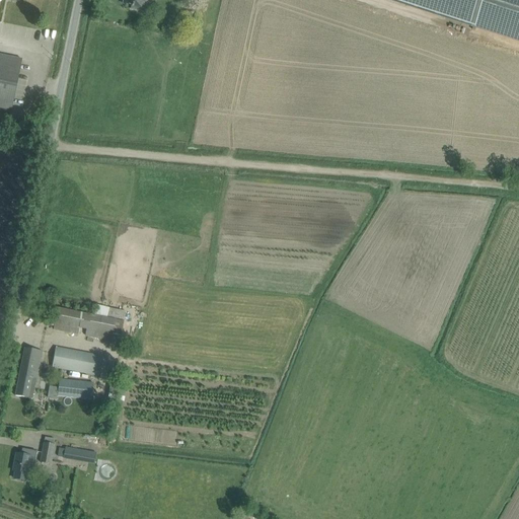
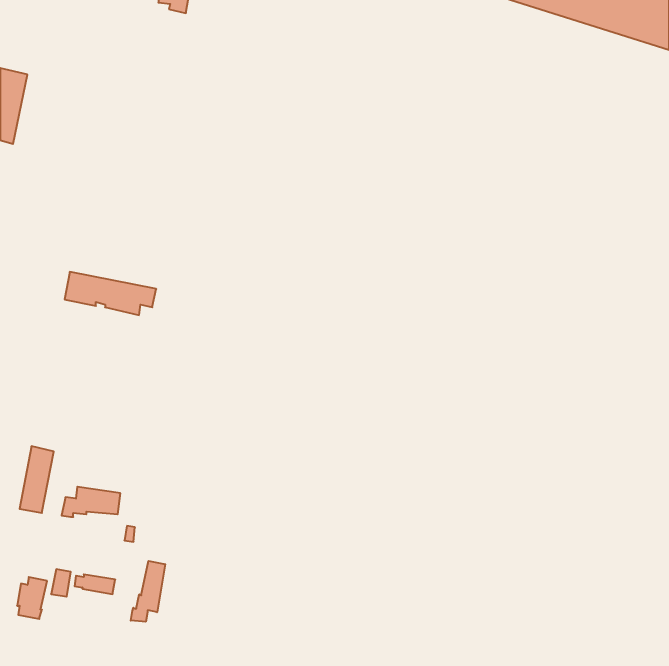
building: [54,306,125,340] -> [65,272,156,315]
building: [53,346,102,374] -> none
building: none -> [131,561,165,622]

